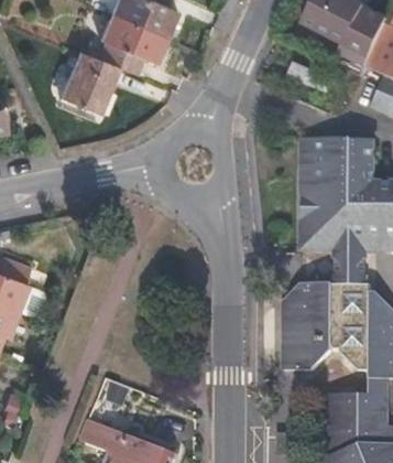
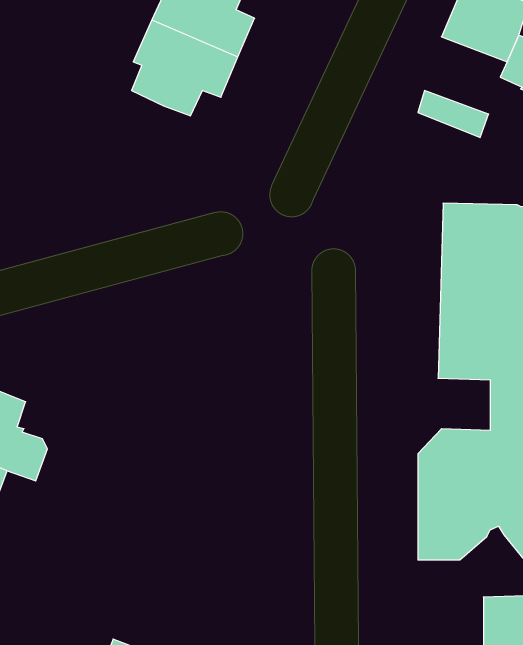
building: [62,54,120,116] -> none

